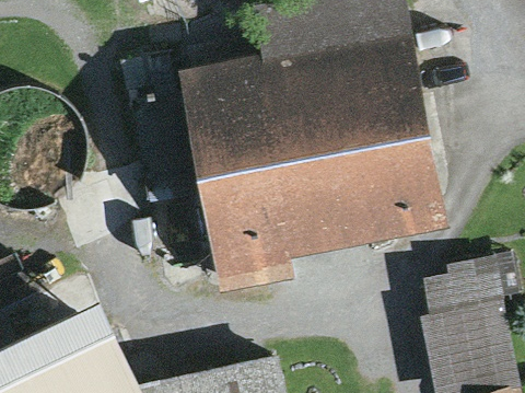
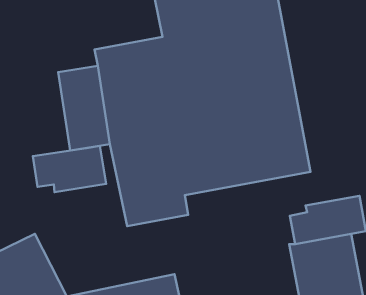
building: none -> [33,146,106,192]

